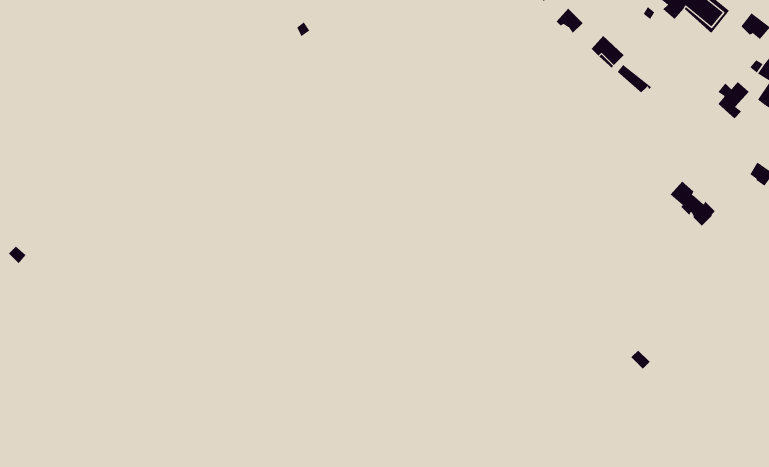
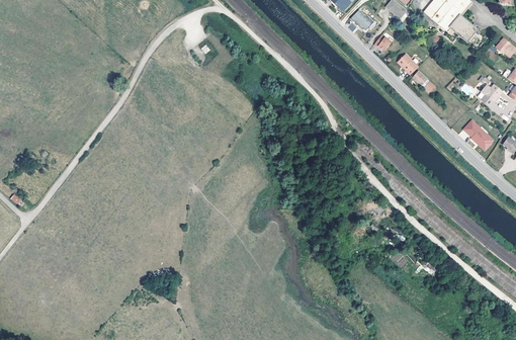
building: [670,181,716,227] -> [463,119,494,150]

